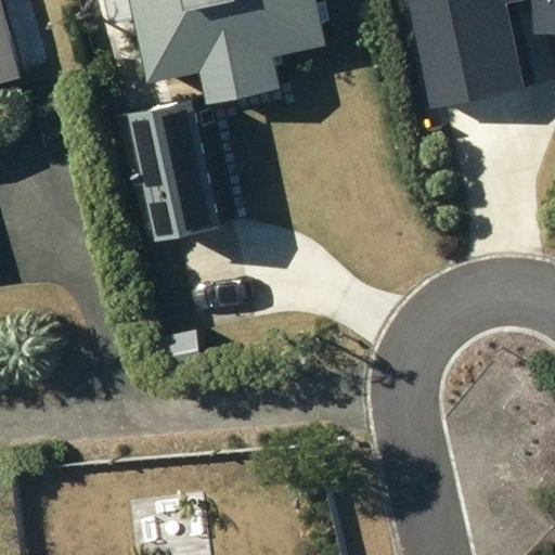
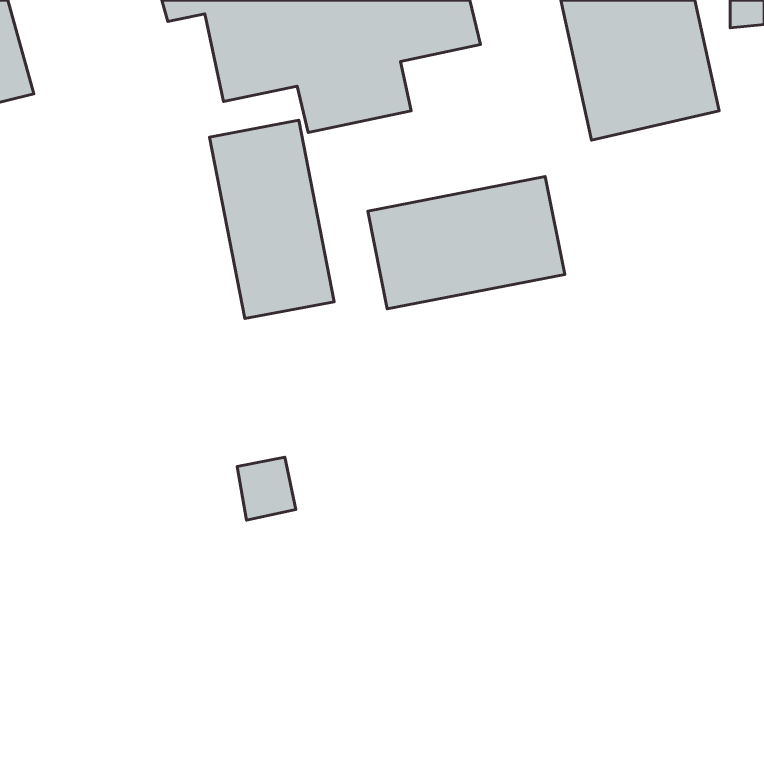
building: none -> [368,177,565,309]

